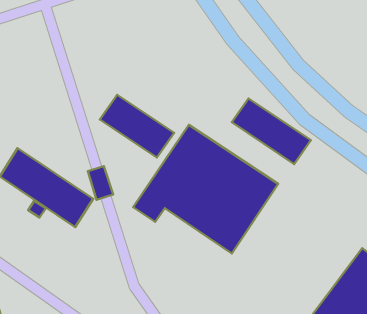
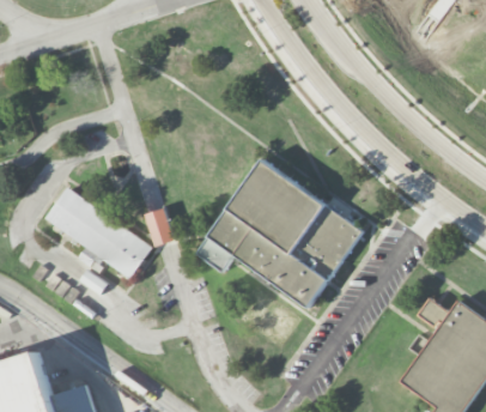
building: [100,95,174,158] -> none
building: [232,99,311,164] -> none

